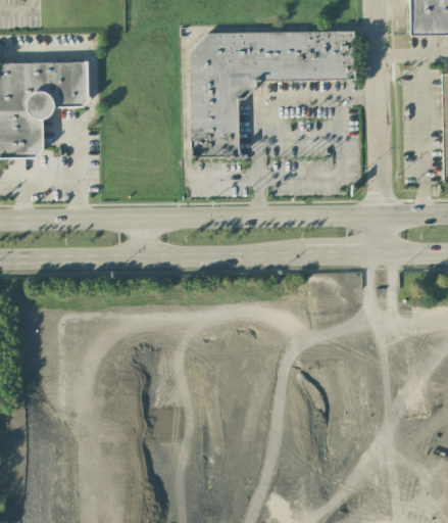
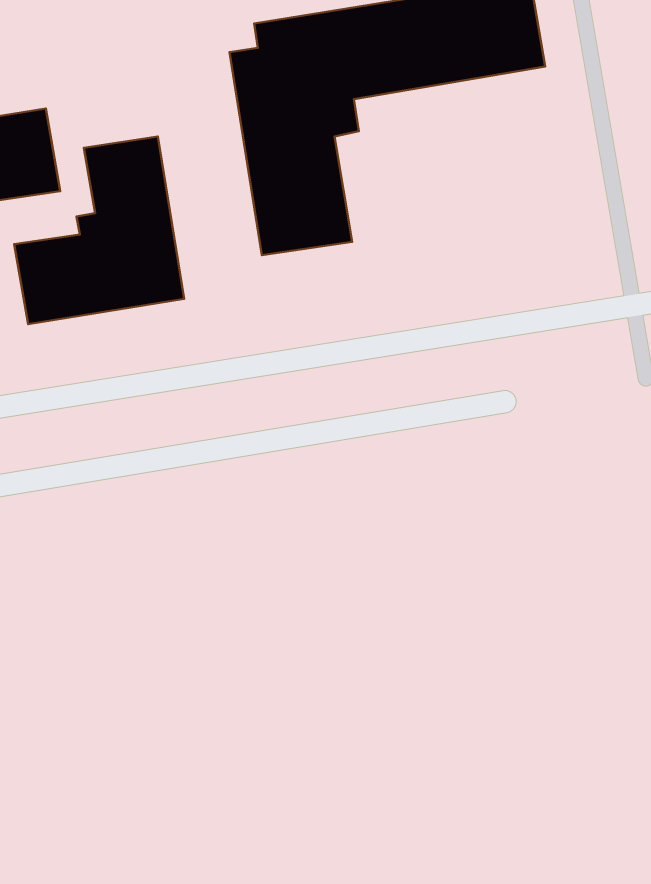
building: none -> [14,137,184,324]

